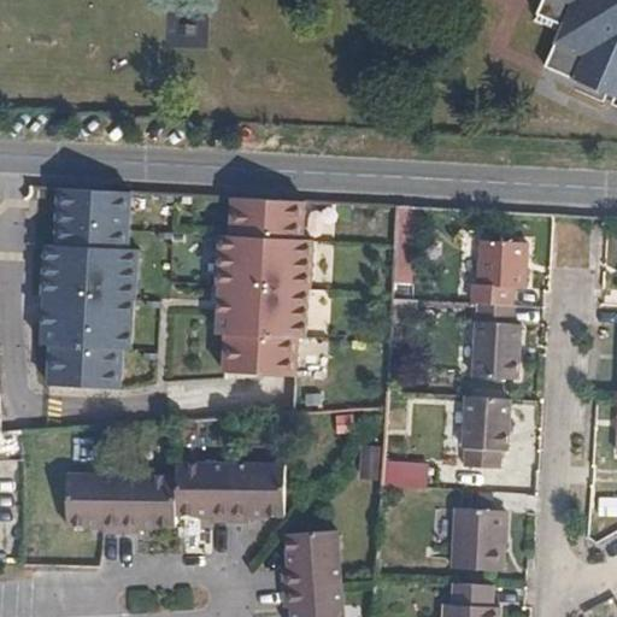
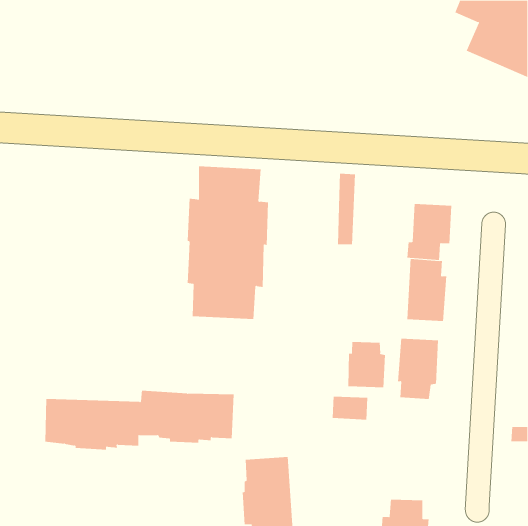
building: [41,188,136,389] -> none
building: none -> [348,341,385,388]
building: [451,509,506,571] -> none

